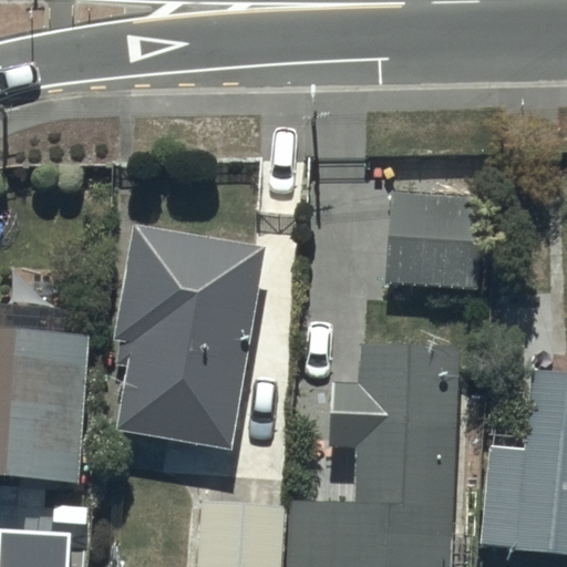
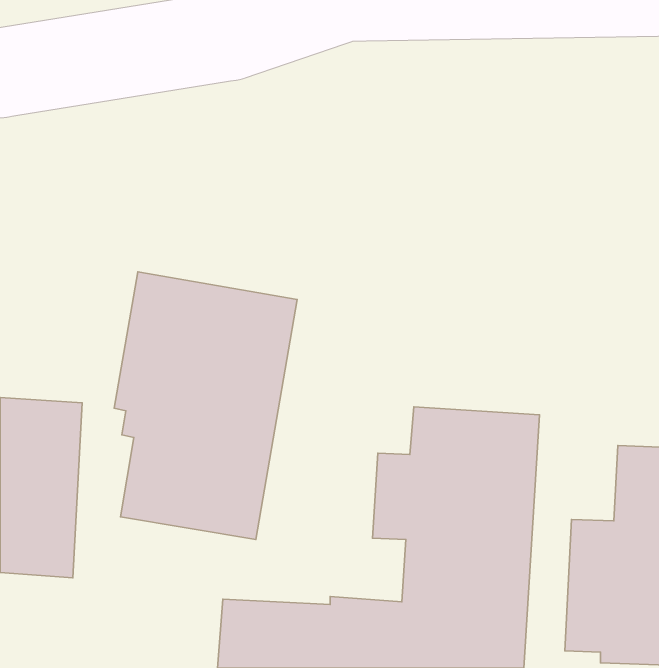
building: [388,192,491,288] -> none

